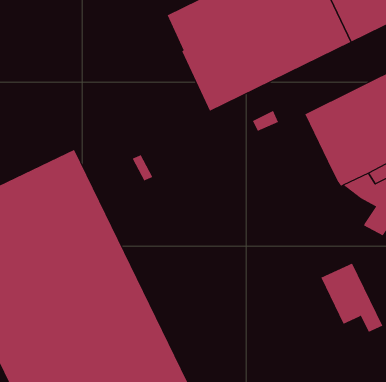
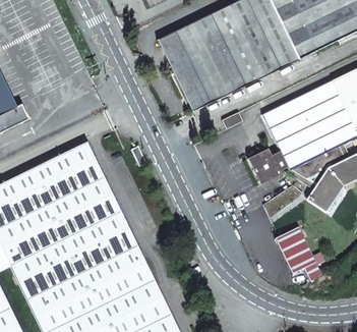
building: none -> [246,148,287,183]

